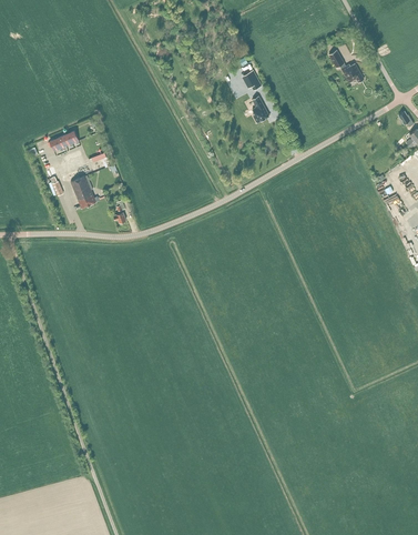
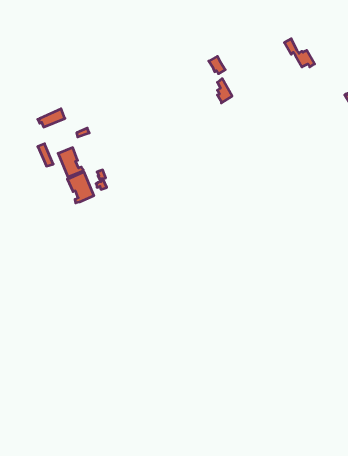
building: none -> [67,172,94,203]

